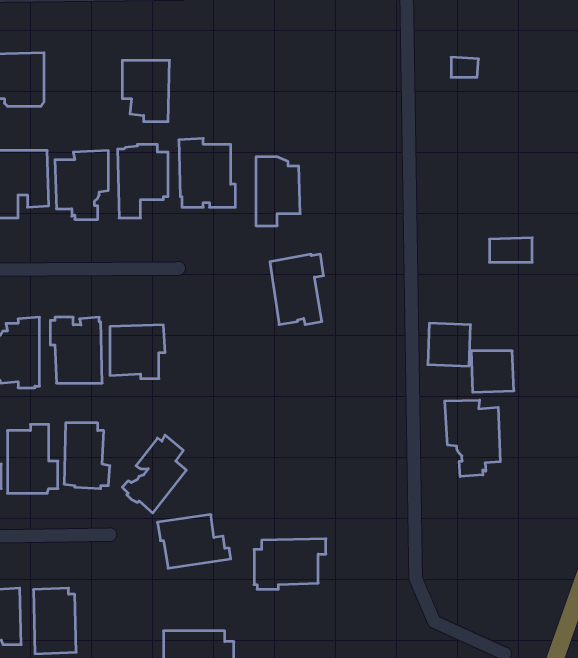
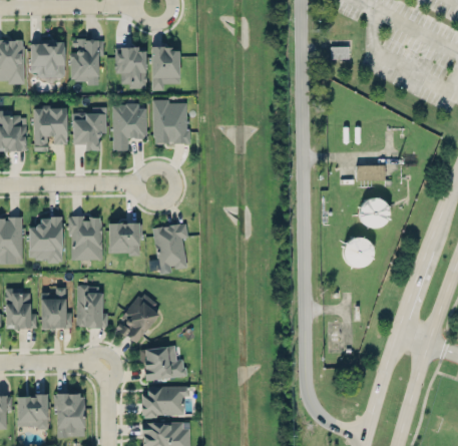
building: none -> [70,38,104,80]
building: [256,157,300,226] -> [150,47,179,92]
building: [270,254,324,325] -> [152,224,187,270]
building: [428,323,471,366] -> [360,200,388,229]
building: [445,400,500,477] -> none
building: [254,539,326,589] -> [141,386,188,419]

